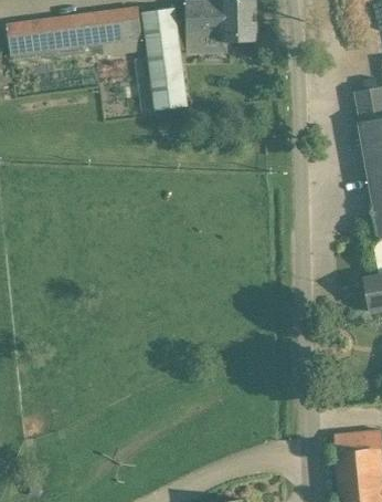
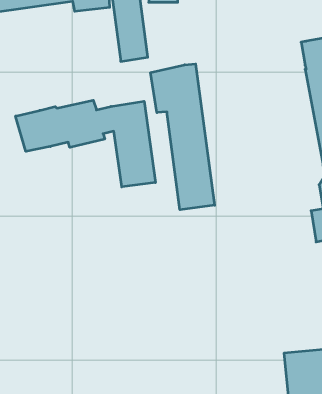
building: none -> [151,64,215,210]
building: none -> [16,100,155,187]

